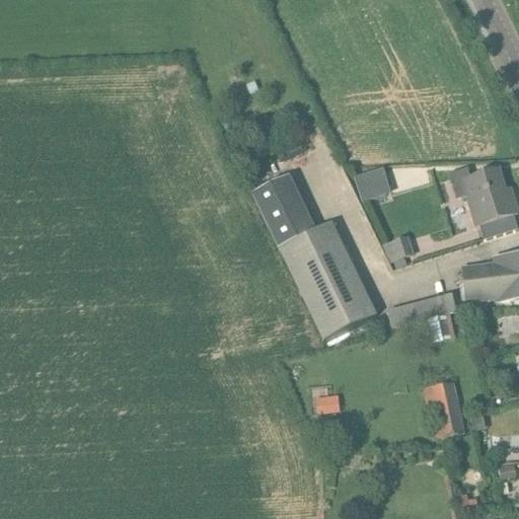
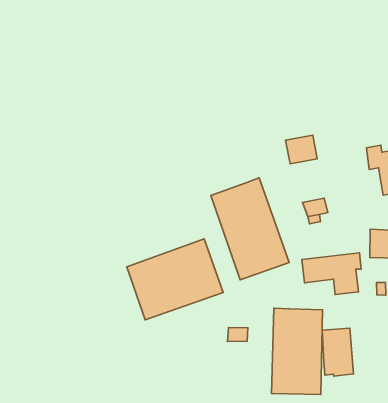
building: [251,173,315,246] -> none
building: none -> [127,239,223,320]
building: none -> [271,308,323,395]

